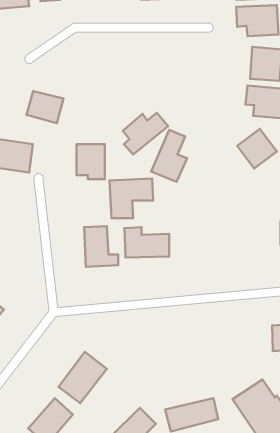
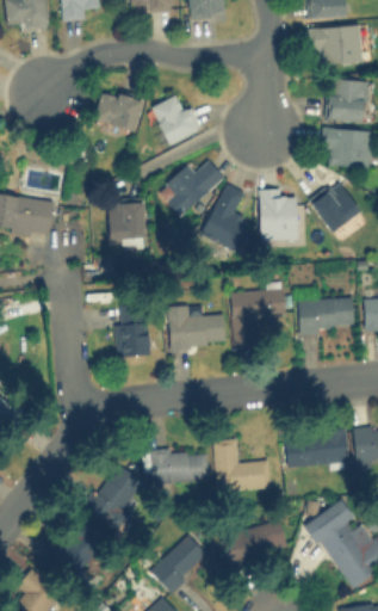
building: none -> [150,93,199,144]
building: [27,91,63,123] -> [94,91,141,131]
building: none -> [260,191,295,240]
building: [110,179,153,218] -> [231,290,286,340]
building: none -> [298,297,353,332]
building: none -> [285,431,347,468]
building: none -> [215,438,267,492]
building: none -> [147,450,206,483]

